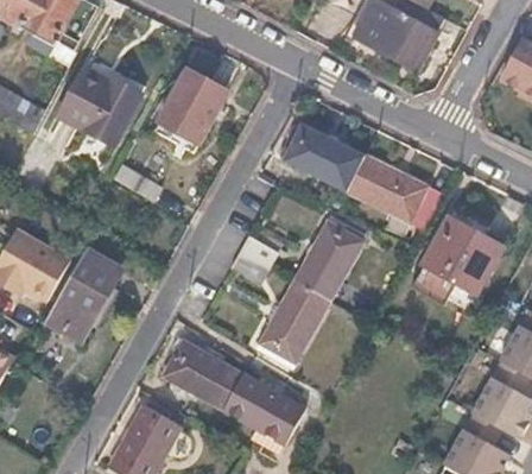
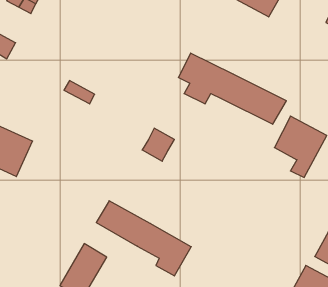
building: [58,63,138,139] -> none
building: [152,68,224,151] -> none
building: [260,221,365,360] -> none
building: [48,248,116,341] -> none

